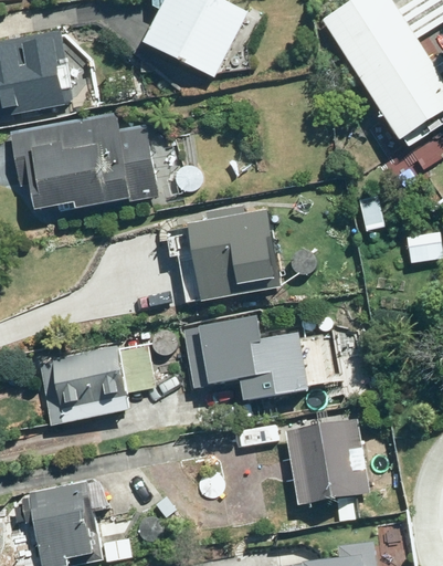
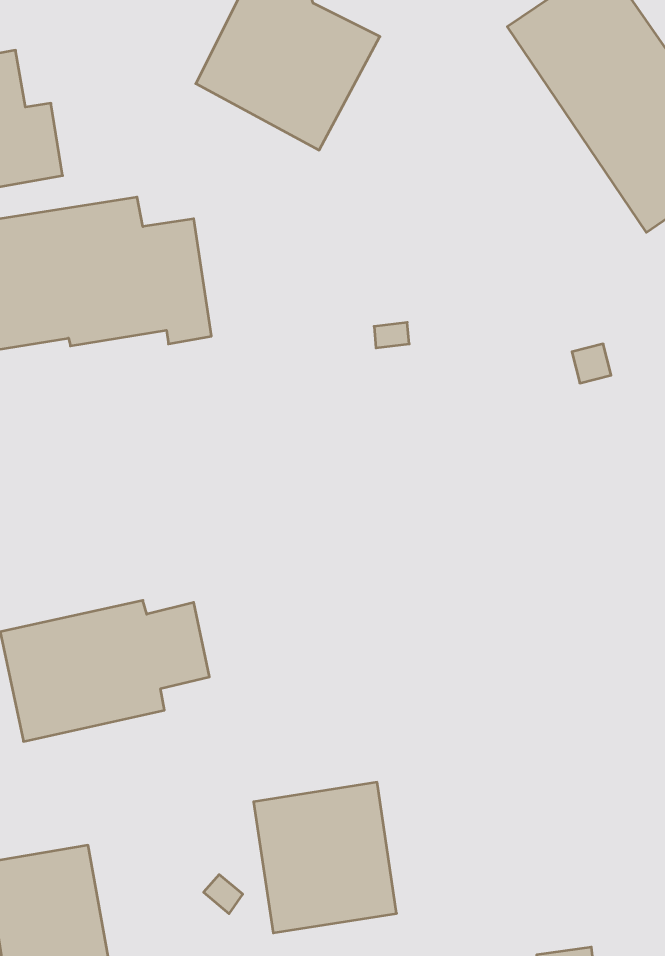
building: [188,202,279,296] -> none
building: [208,319,310,420] -> none
building: [285,418,366,503] -> [254,782,397,933]

